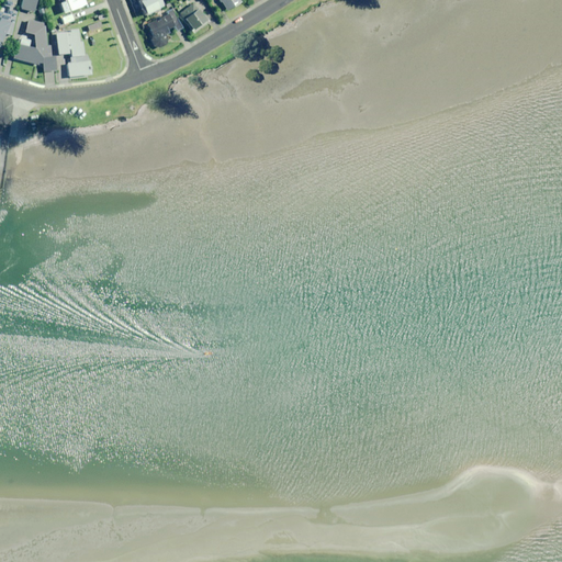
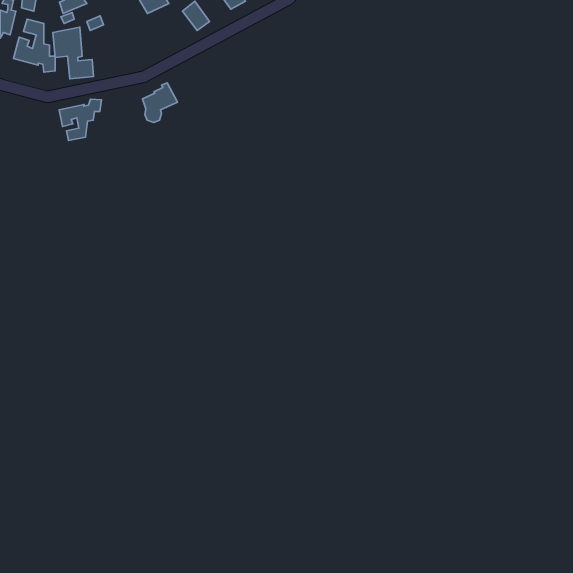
building: [148,8,182,46] -> [143,83,177,122]
building: none -> [59,99,101,141]

